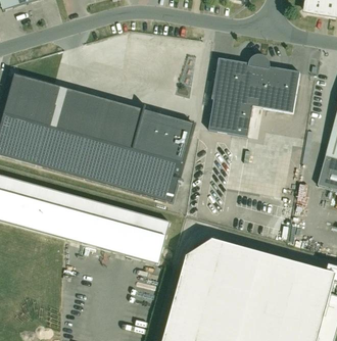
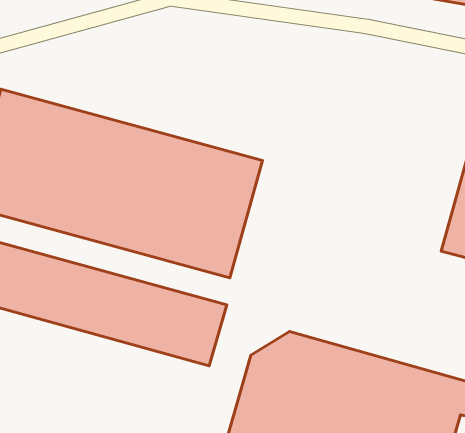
building: [208,58,300,136] -> none

